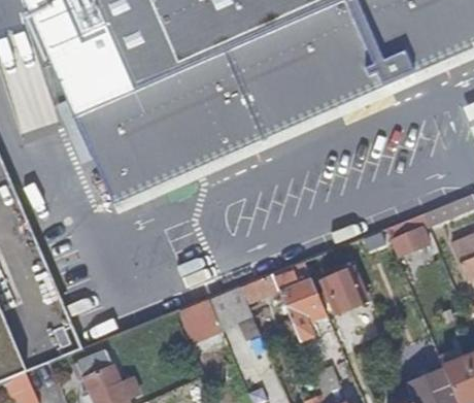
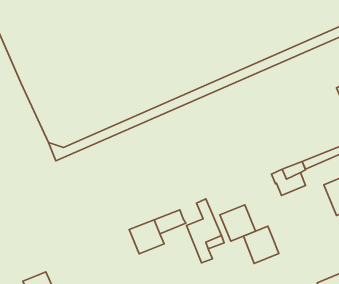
building: none -> [243,226,279,263]
building: [176,298,222,342] -> none

